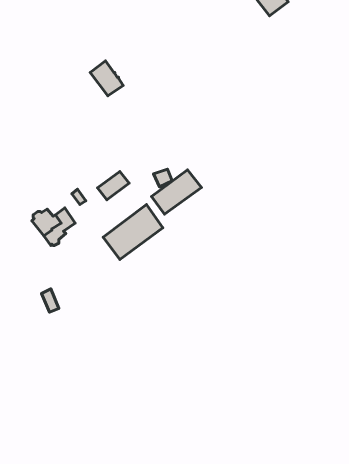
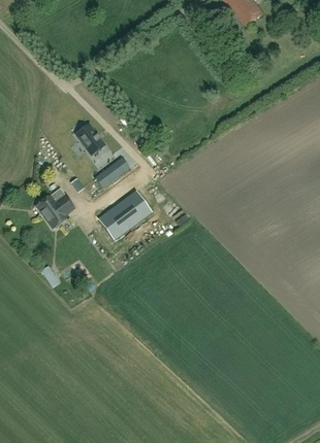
building: [90,61,123,96] -> [75,123,104,154]
building: [151,170,201,214] -> none

